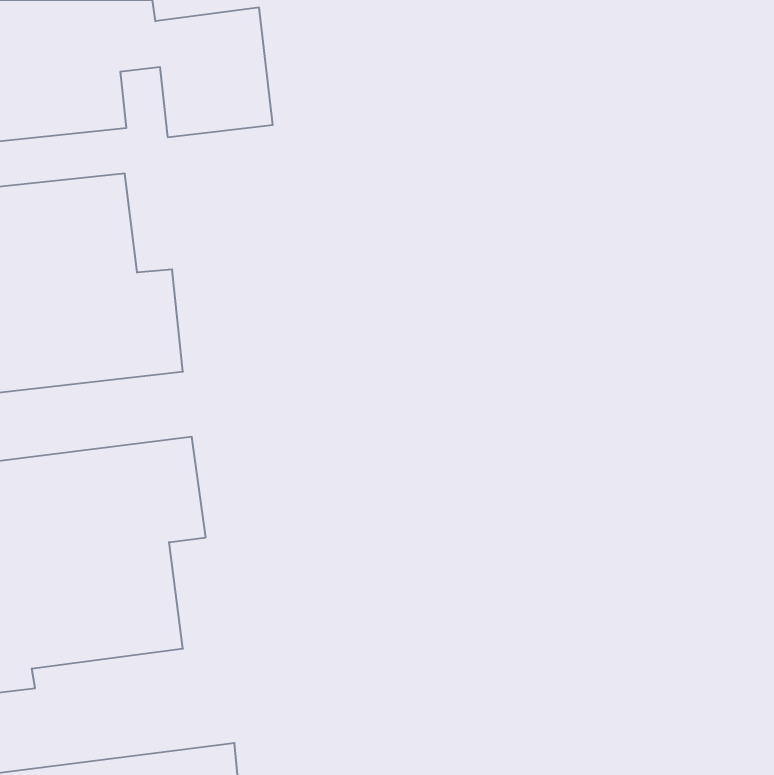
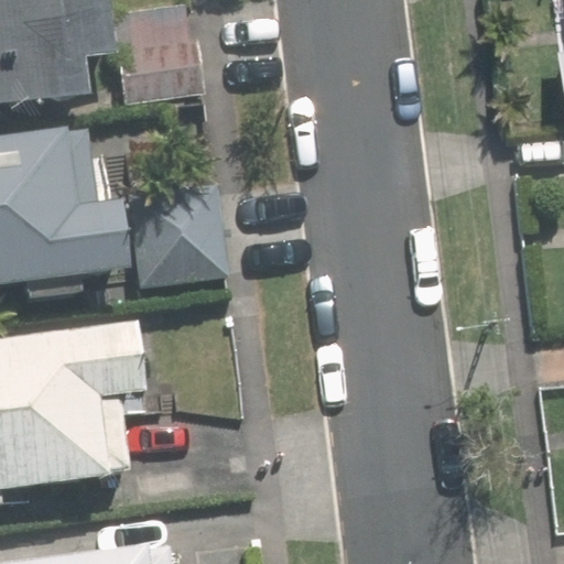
building: none -> [129,184,225,288]

